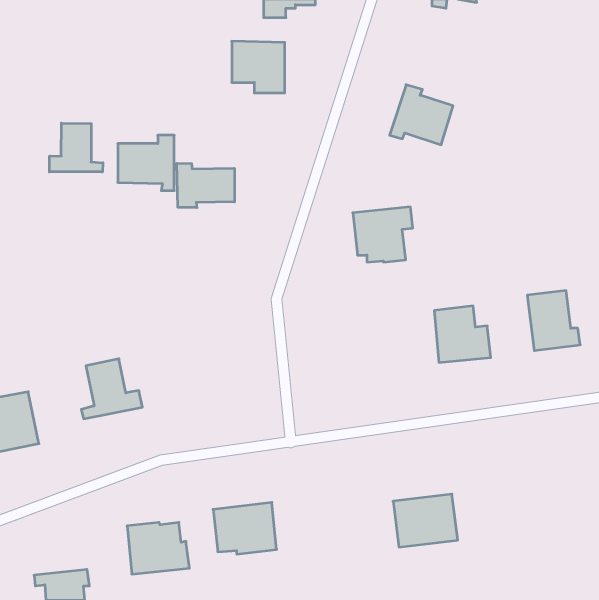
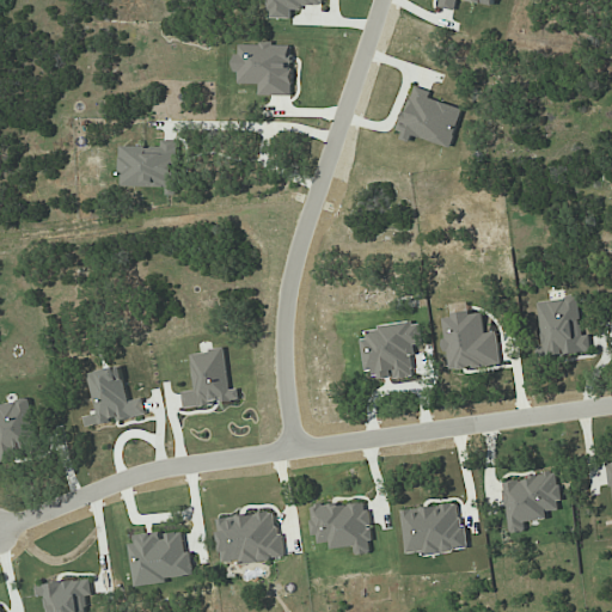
building: [49,123,103,172] -> none
building: [177,163,234,208] -> none
building: [353,207,413,262] -> [360,322,421,378]
building: none -> [182,348,238,406]
building: none -> [501,472,559,532]
building: none -> [308,501,369,553]

